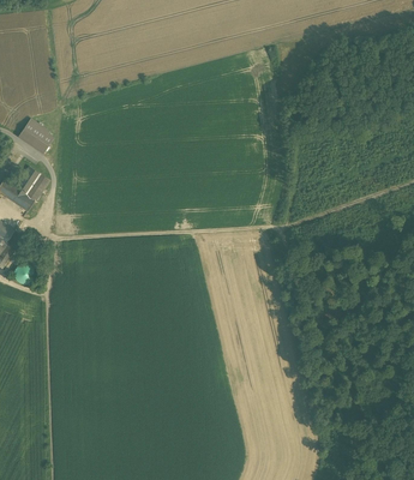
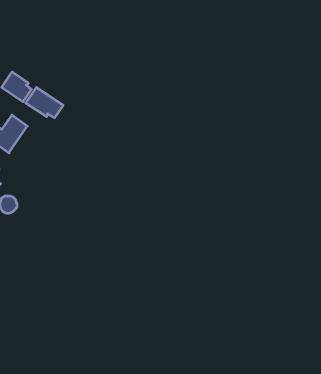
building: none -> [26,87,63,118]

